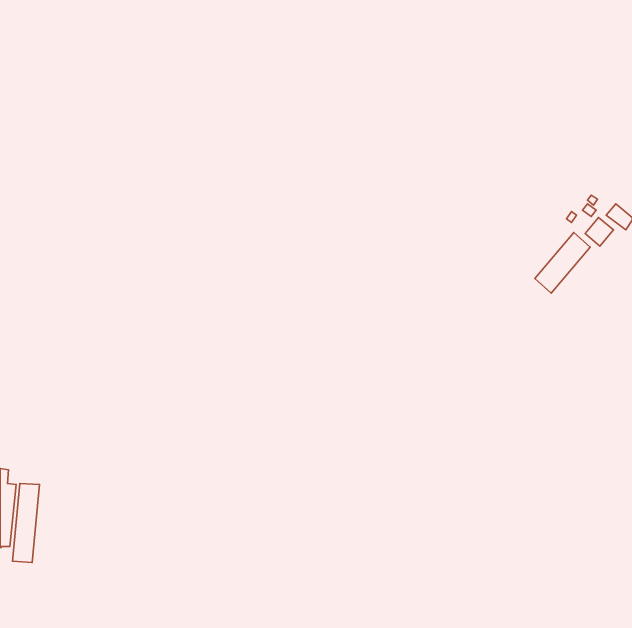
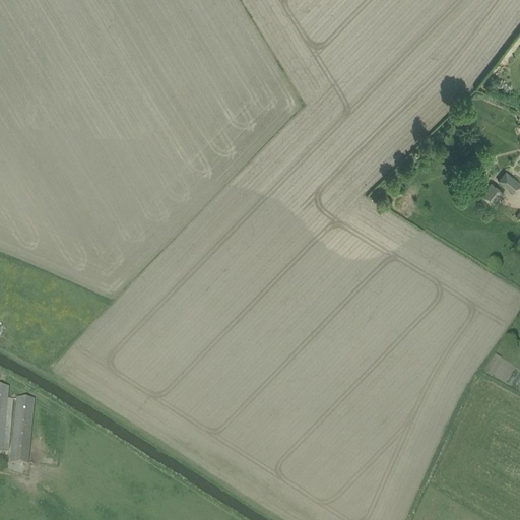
building: [535,232,590,293] -> none

